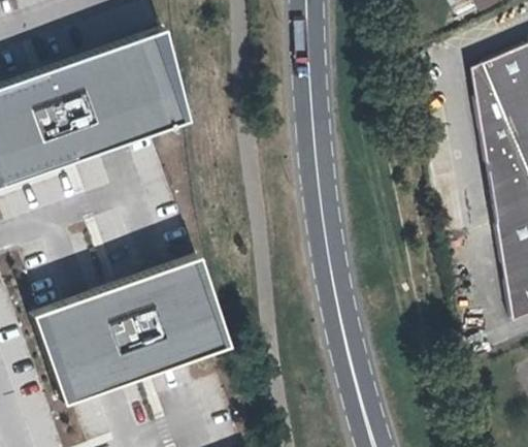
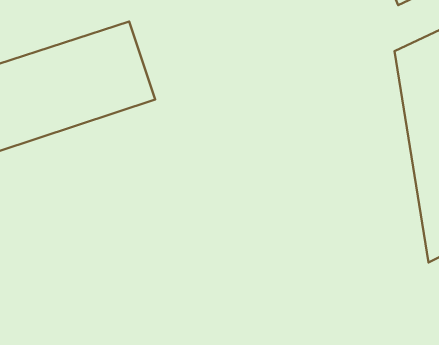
building: [34,258,227,397] -> none

